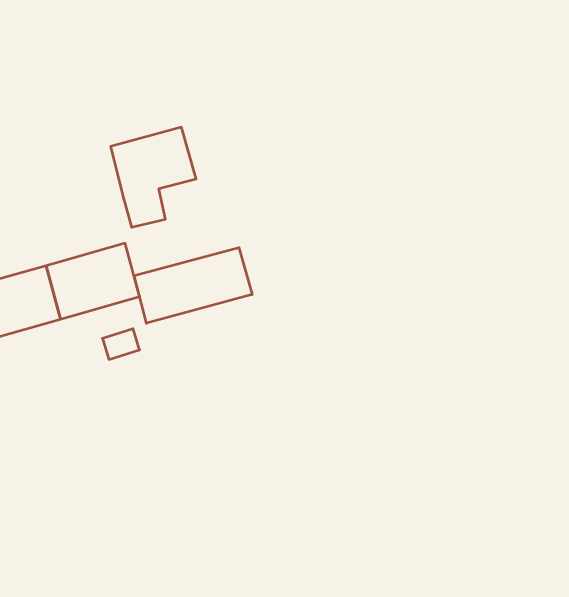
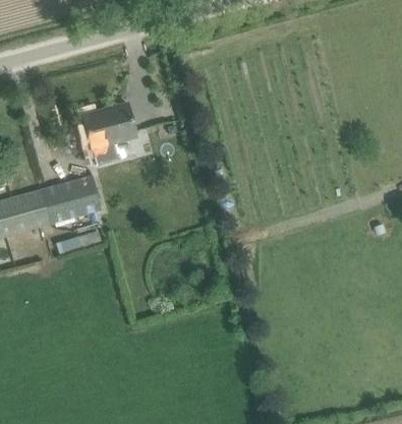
building: [134,248,252,323] -> none

